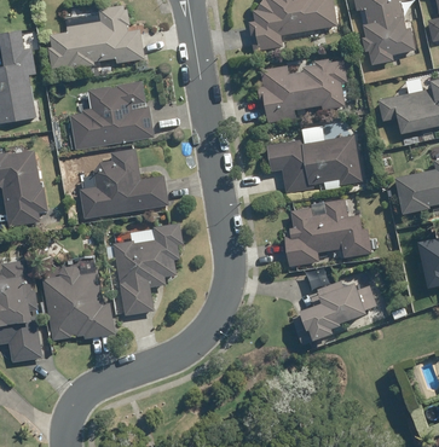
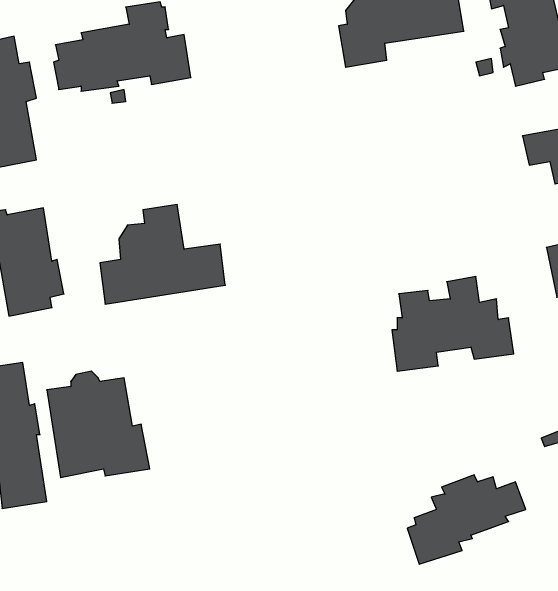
building: [255,59,345,122] -> none
building: [74,83,152,146] -> none
building: [266,137,359,193] -> none
building: [104,224,180,315] -> none
building: [291,281,375,344] -> [407,475,526,564]

